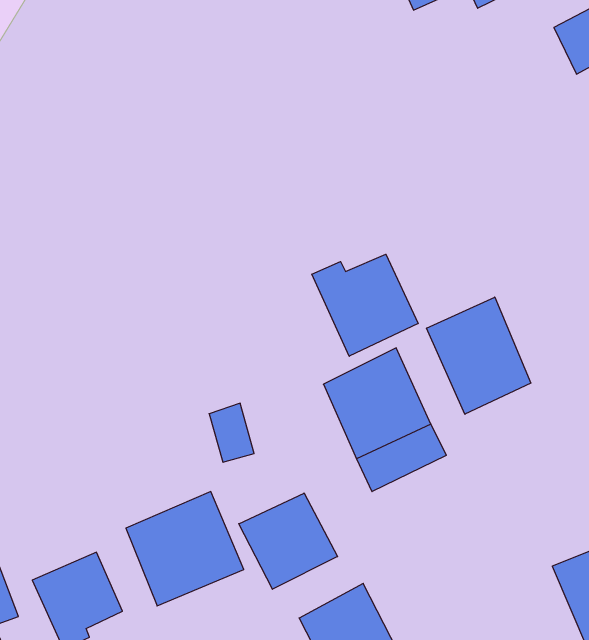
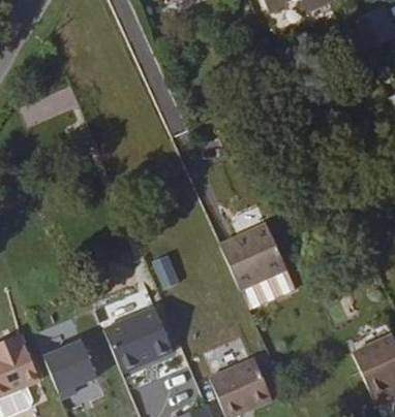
building: [312,254,418,356] -> none
building: [427,297,531,414] -> none
building: [239,493,338,589] -> none

